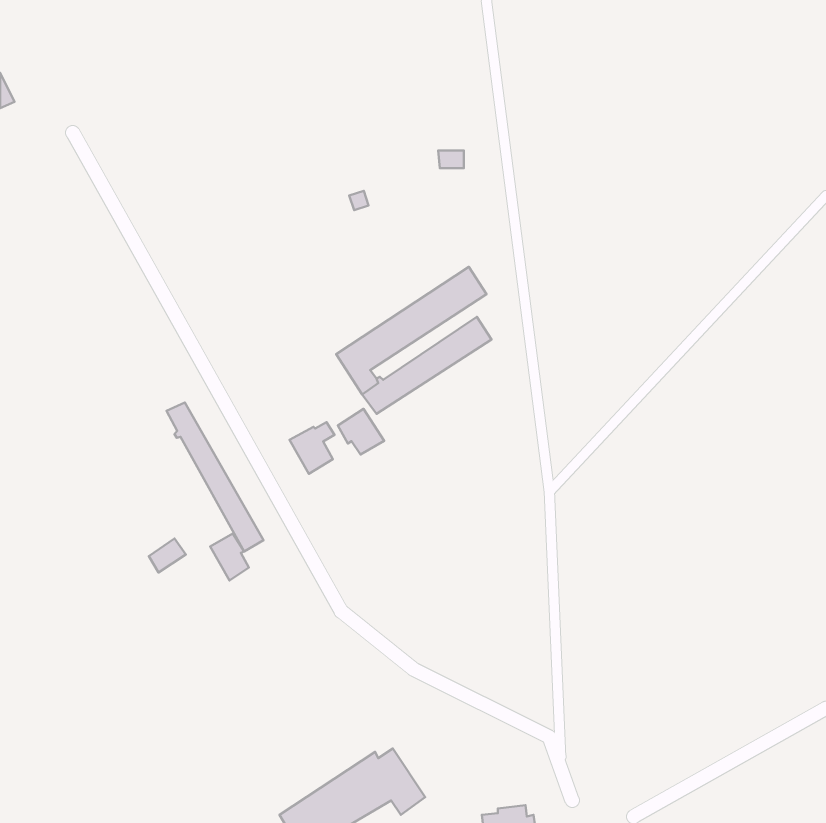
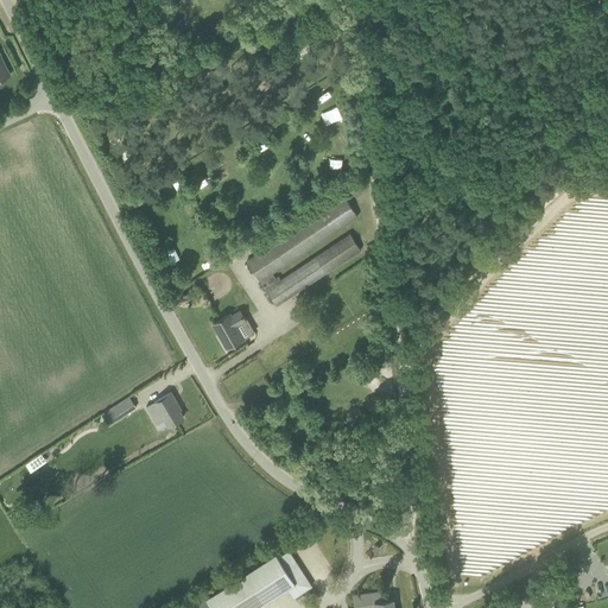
building: [166,402,263,551] -> none
building: [338,409,384,454] -> none

